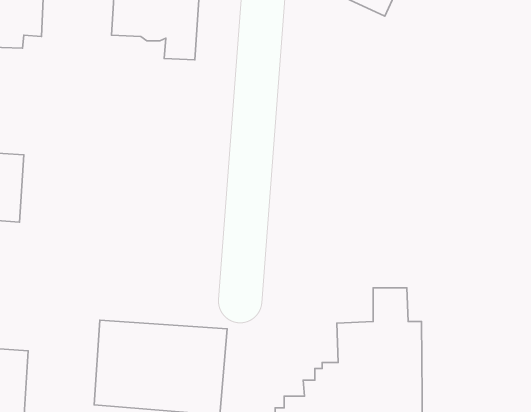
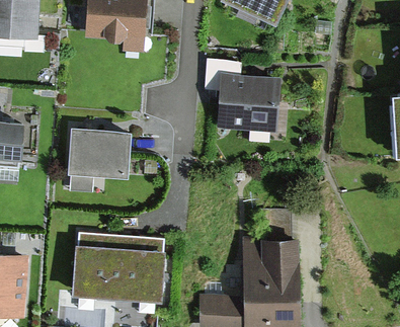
building: none -> [204,59,278,133]
building: none -> [68,129,131,196]

